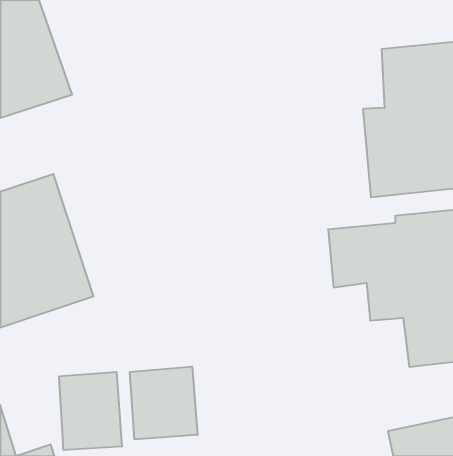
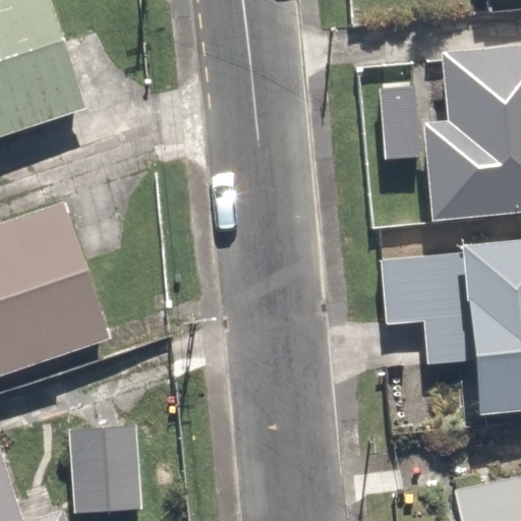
building: [130,366,198,439] -> none

